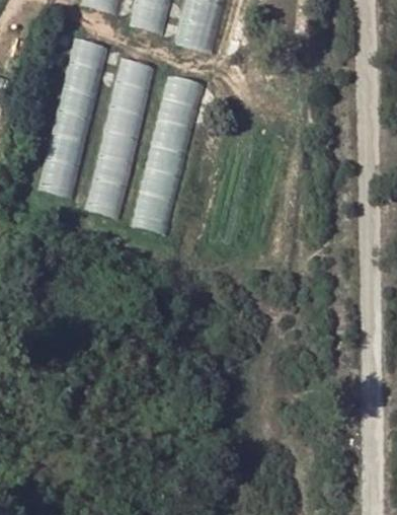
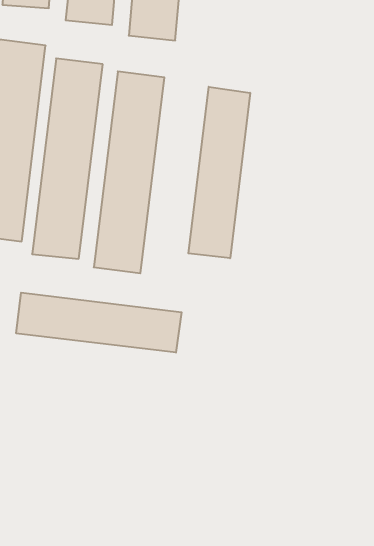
building: none -> [188,87,250,258]
building: none -> [16,293,182,353]

